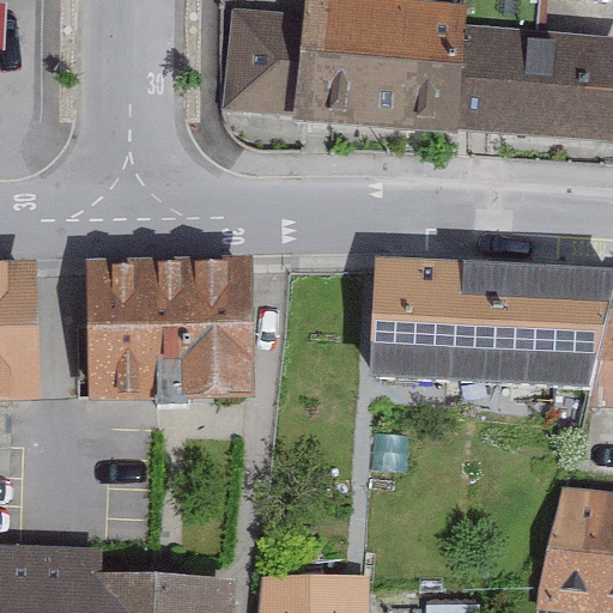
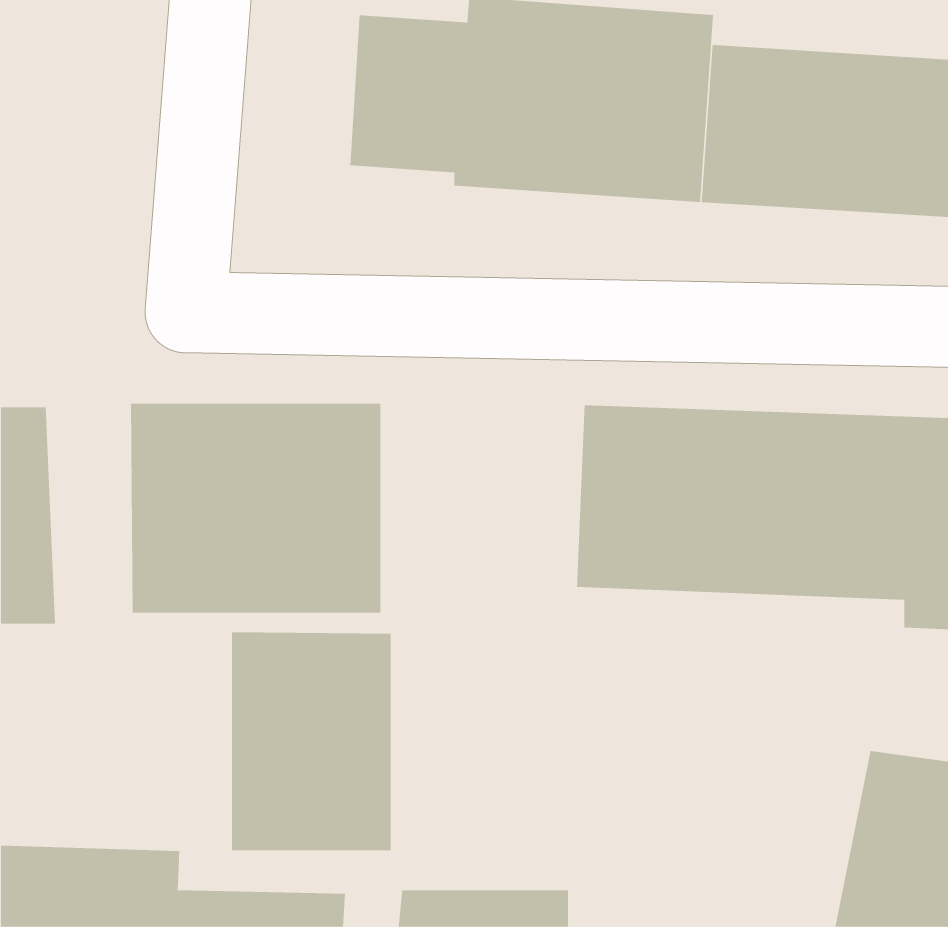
building: none -> [232,632,391,851]

